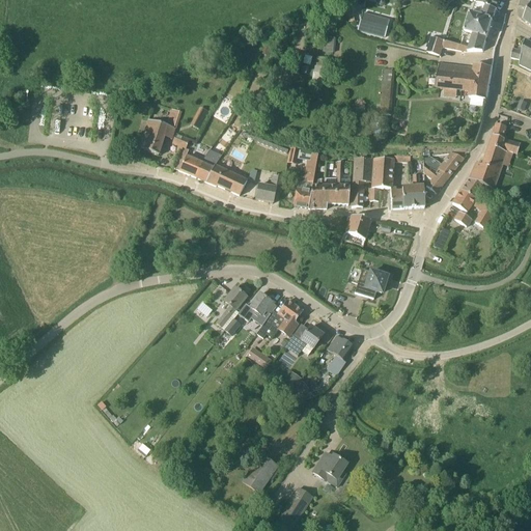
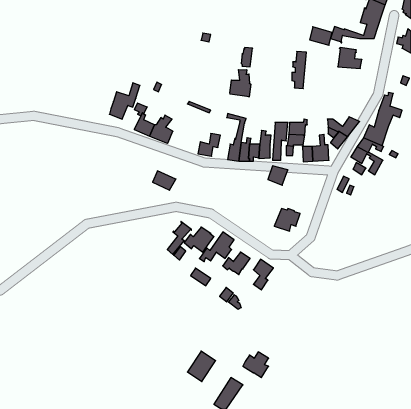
building: [359,9,388,33] -> [310,27,332,45]
building: [457,62,492,99] -> none
building: none -> [230,70,251,97]
building: [217,169,247,194] -> [153,171,176,190]

